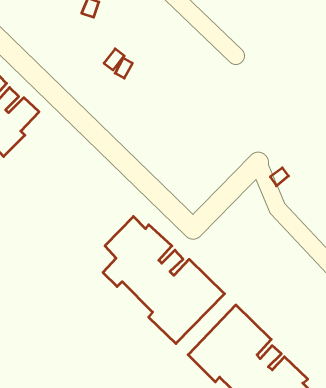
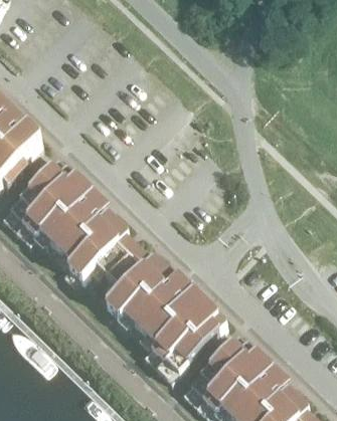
building: none -> [9,155,136,275]

